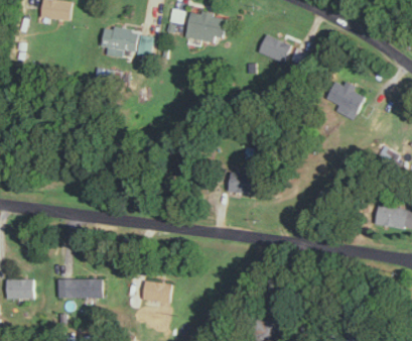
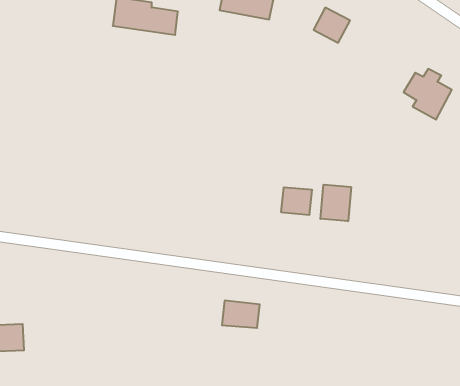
building: none -> [320,185,351,221]
building: [58,278,102,299] -> none
building: [142,280,171,302] -> [222,301,260,328]

